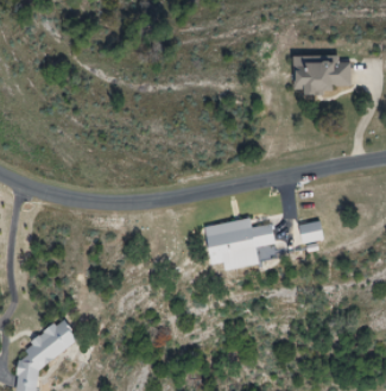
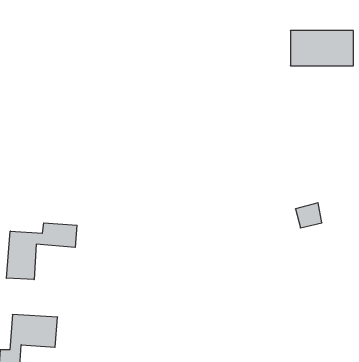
building: [205,219,277,270] -> none
building: none -> [6,223,77,280]

